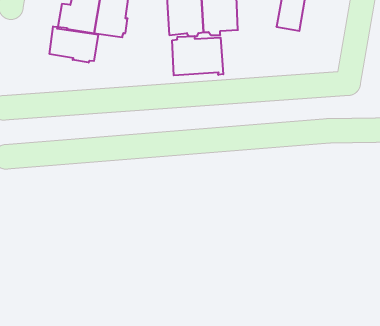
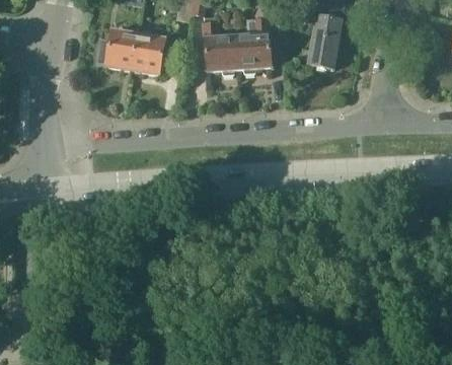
building: [50,26,98,63] -> none
building: [172,36,223,75] -> none

